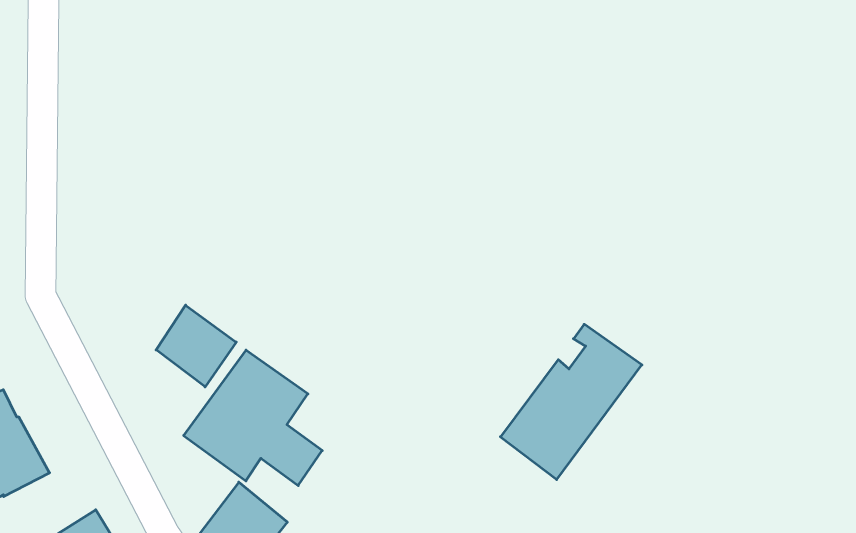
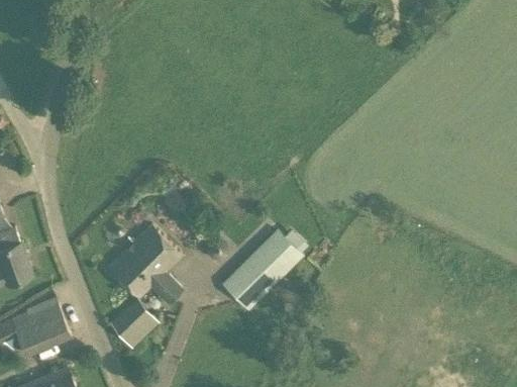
building: [156,305,236,387] -> none
building: [500,324,642,480] -> [220,228,304,311]

